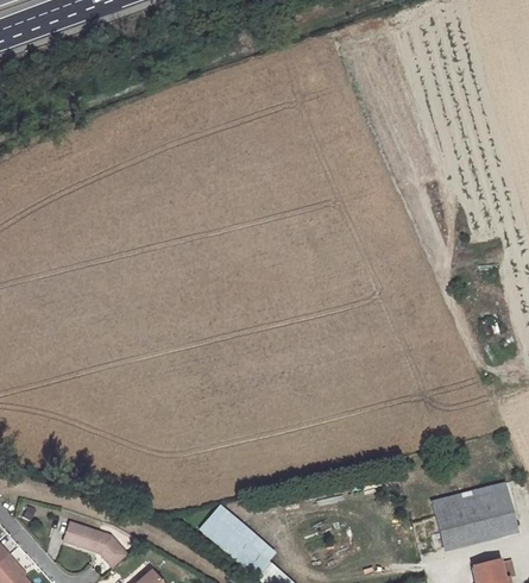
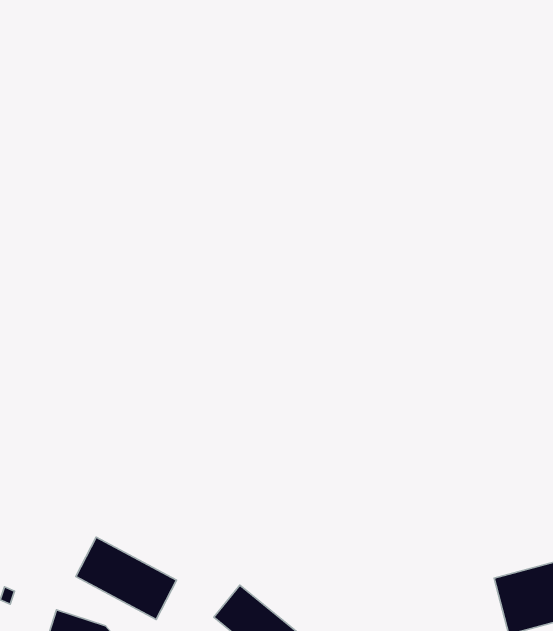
building: none -> [76,537,177,619]

